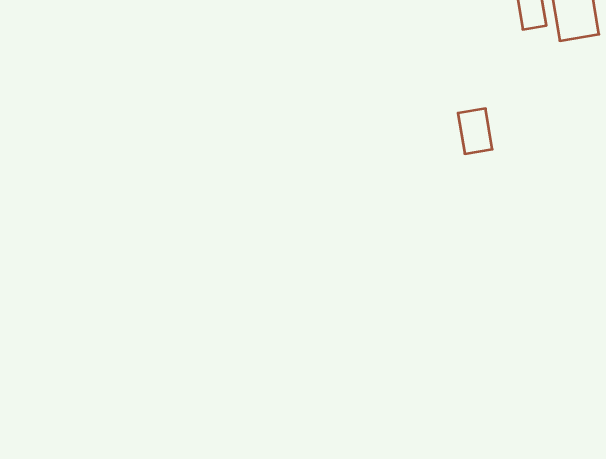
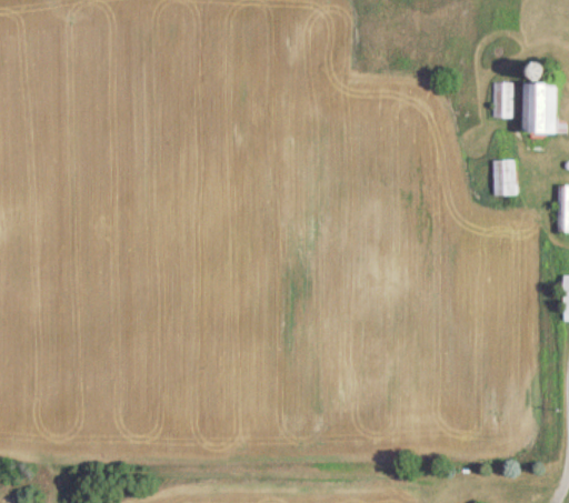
building: [458,109,492,154] -> [492,160,516,194]

